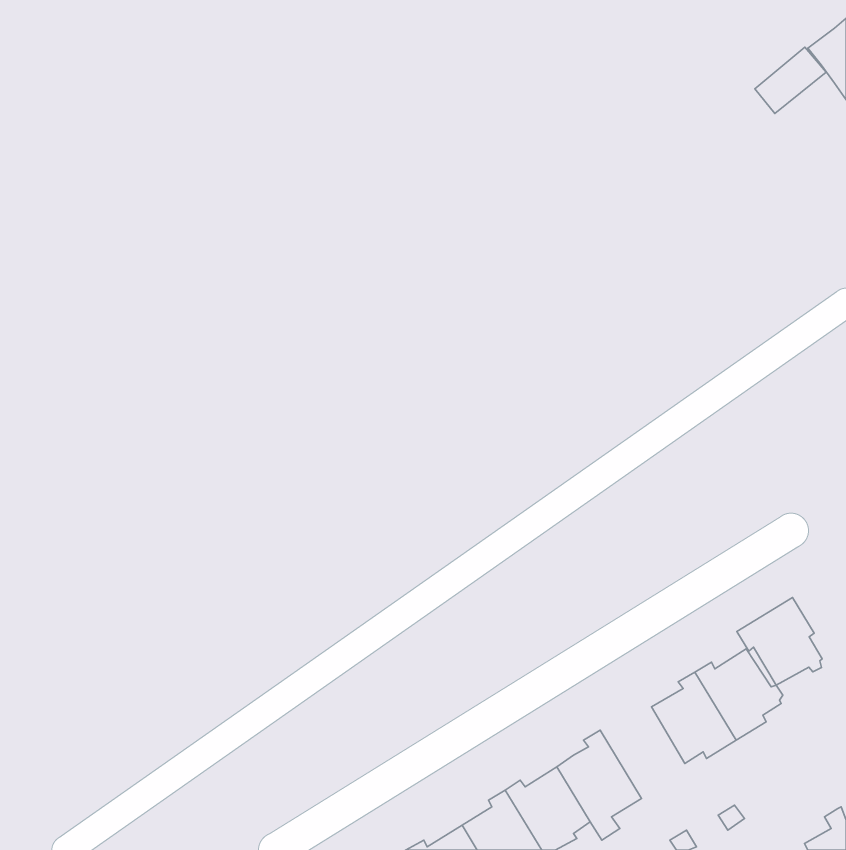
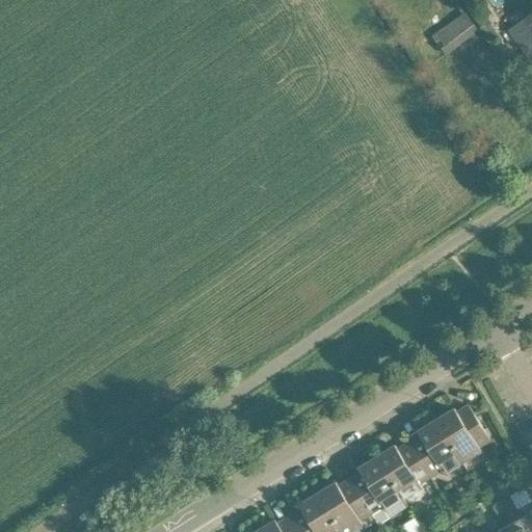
building: [755,47,826,114] -> [431,12,476,54]
building: [737,598,822,685] -> none
building: none -> [375,442,428,499]

